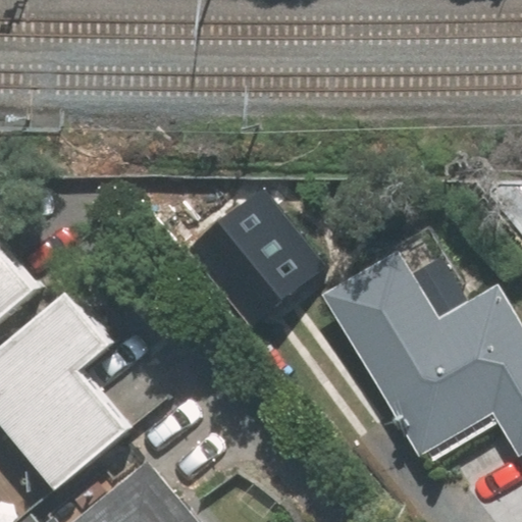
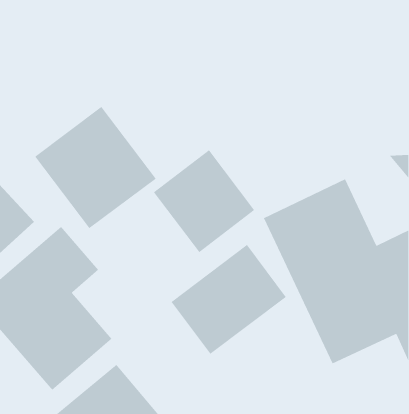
building: none -> [34,106,157,229]
building: none -> [170,244,287,355]

